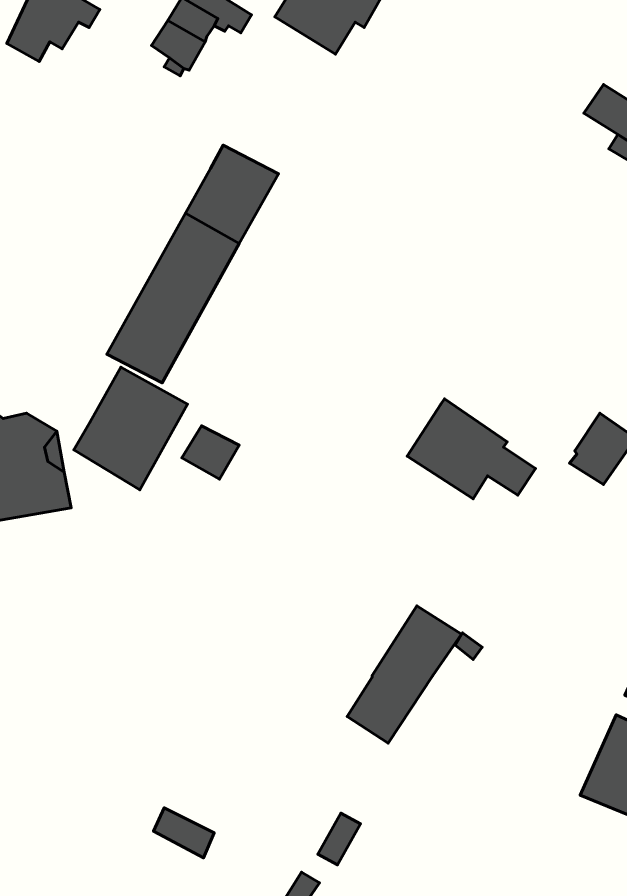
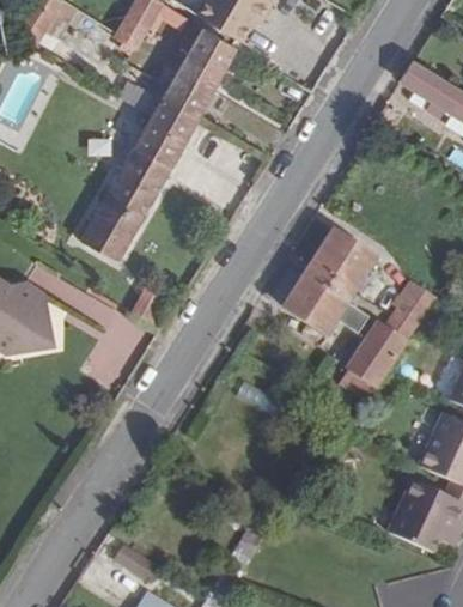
building: none -> [158,28,233,120]
building: none -> [306,230,376,299]
building: [74,367,188,490] -> none
building: [347,606,462,743] -> [328,322,404,414]

